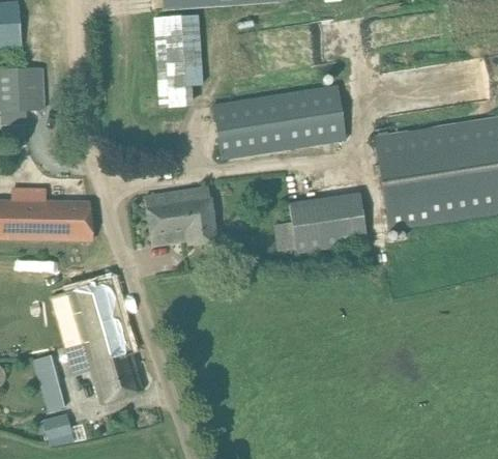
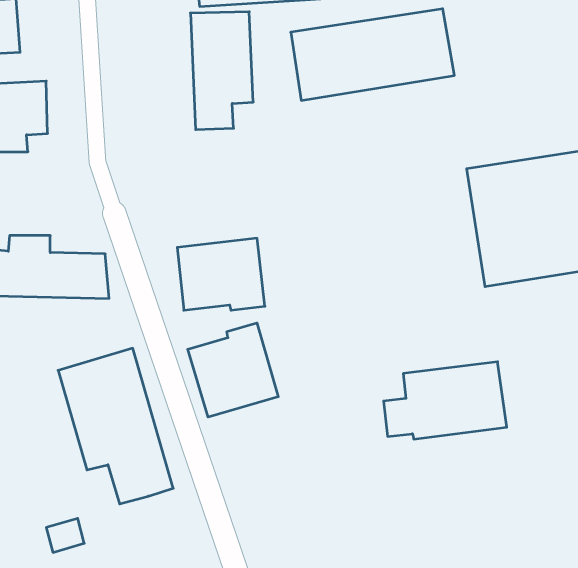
building: [212,86,342,159] -> [291,9,454,100]
building: [274,190,372,251] -> [384,362,507,439]
building: none -> [188,323,278,417]
building: [33,353,64,410] -> none

